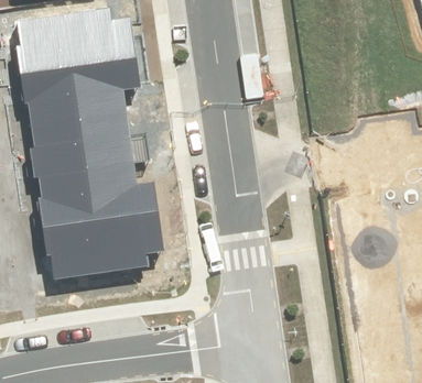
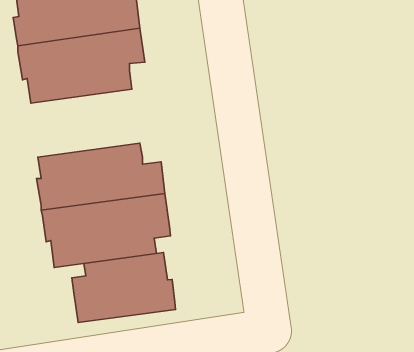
building: [29,112,133,176] -> none
building: none -> [72,253,176,323]

